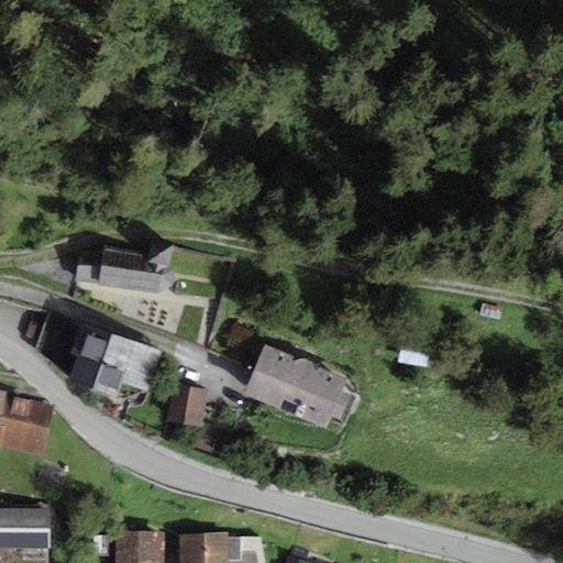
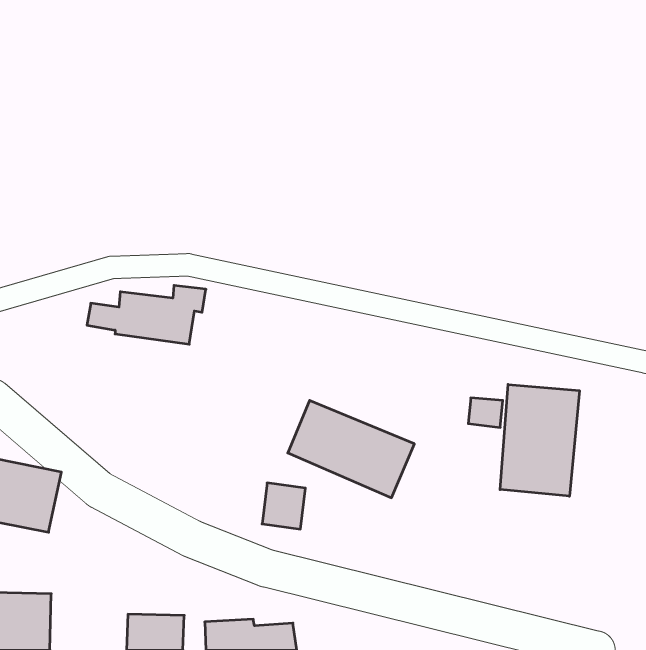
building: [67,327,162,394] -> none
building: none -> [500,384,579,496]
building: [169,386,207,426] -> [262,483,305,529]

